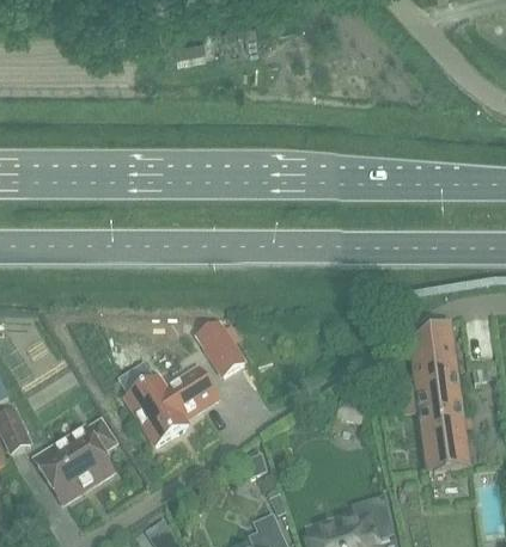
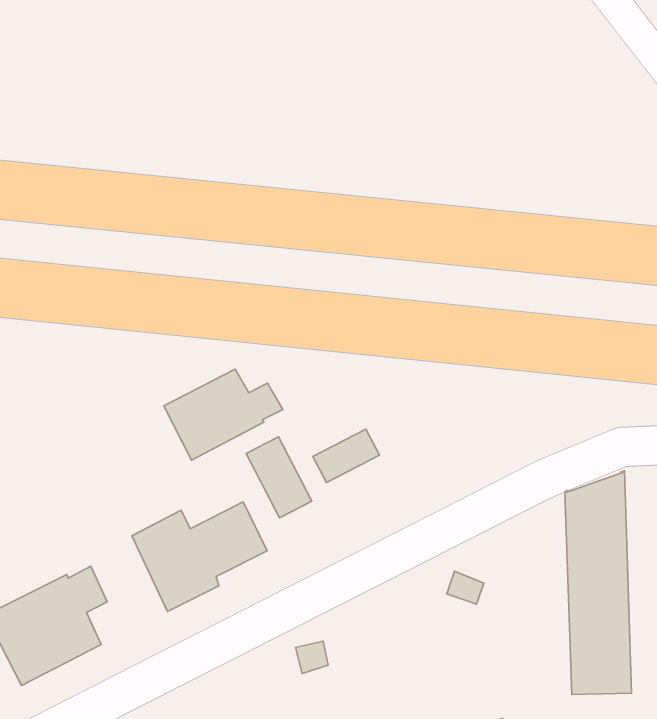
building: none -> [164,369,283,460]
building: none -> [313,429,379,483]

